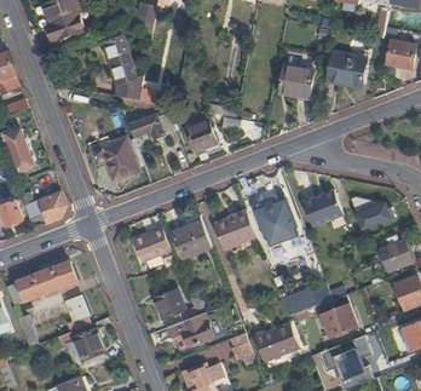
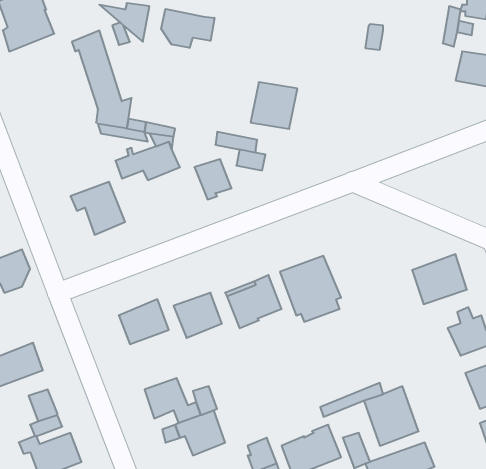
building: none -> [161,9,214,48]
building: [328,50,369,82] -> none
building: [279,63,315,98] -> [251,82,297,129]
building: [302,189,341,226] -> none

